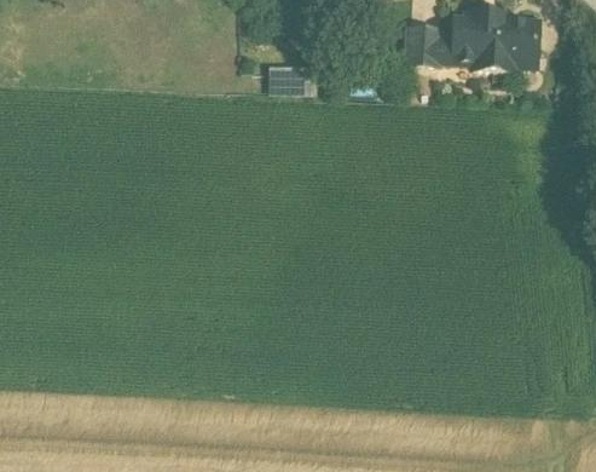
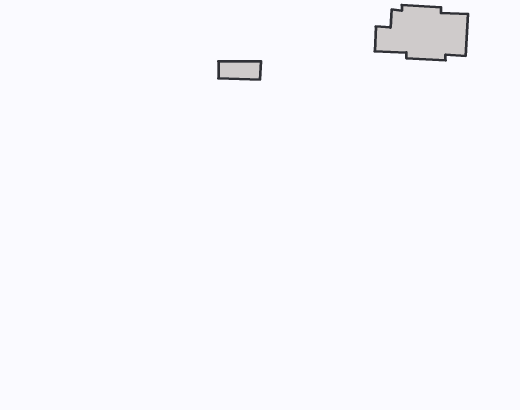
building: [405,25,438,63] -> none

